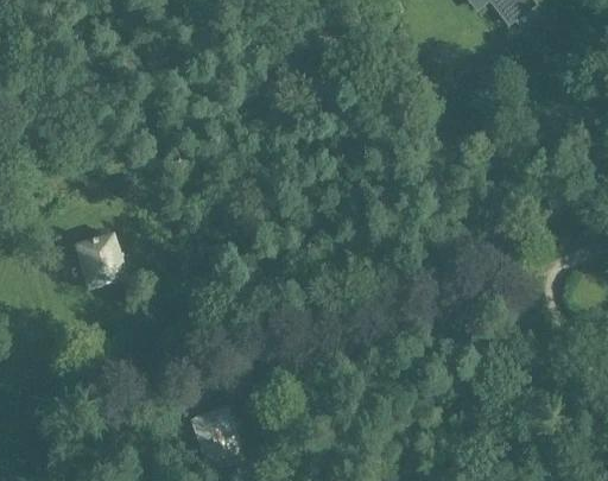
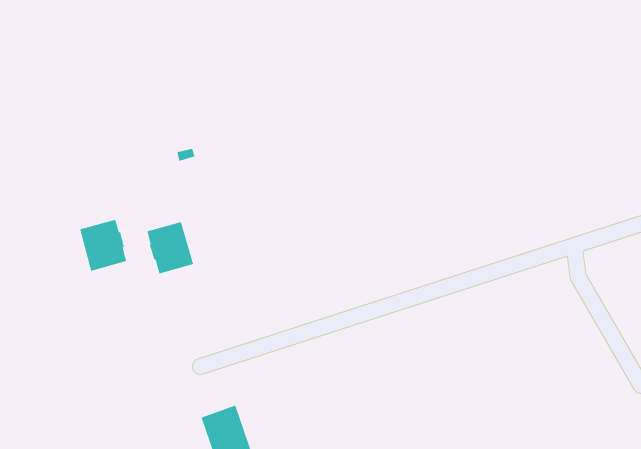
building: none -> [146,221,194,274]

